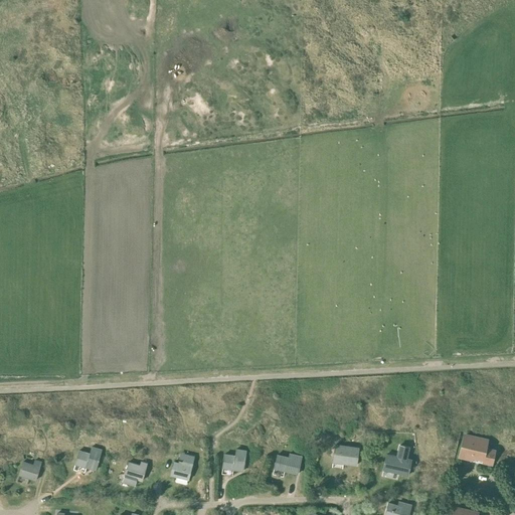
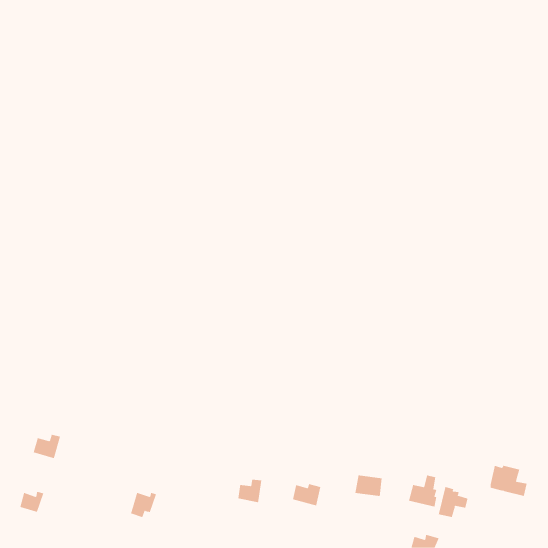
building: [75,447,102,470] -> [33,434,61,459]
building: [171,453,195,479] -> none
building: none -> [438,486,468,518]

